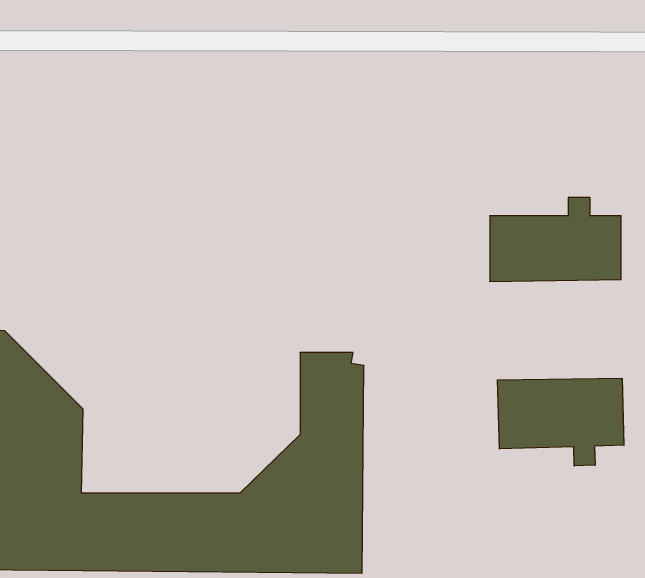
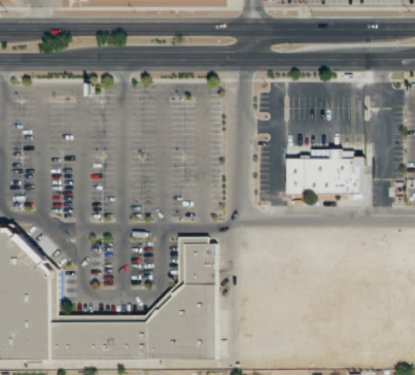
building: [498,378,624,466] -> none

